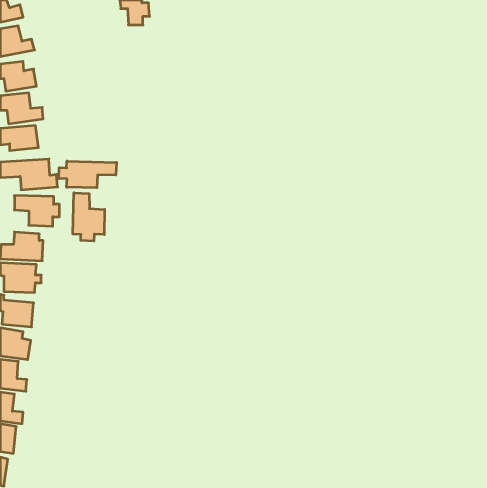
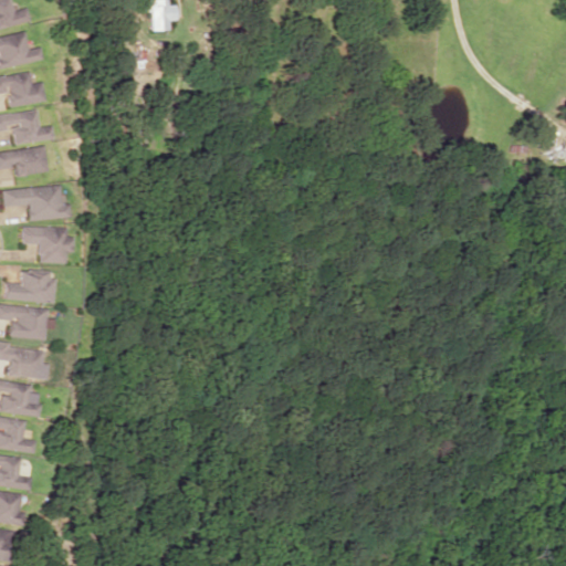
building: [59,161,117,188] -> none
building: [73,193,105,241] -> none

